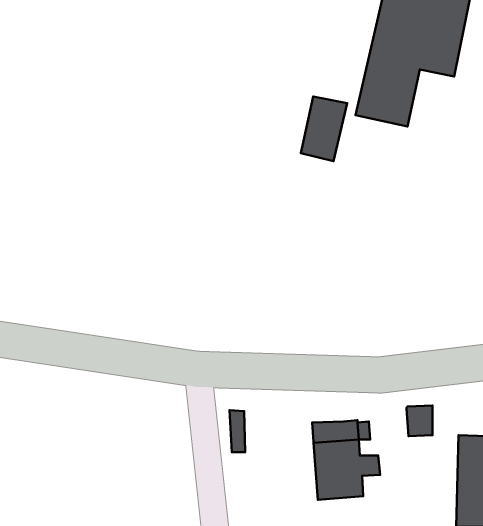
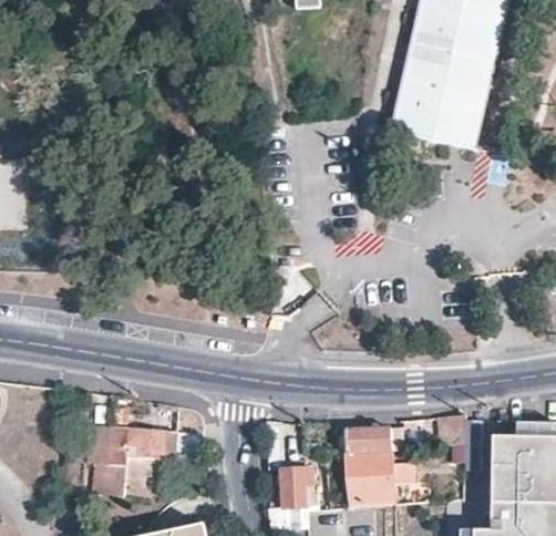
building: [301,96,347,161] -> [441,85,486,148]
building: none -> [92,425,179,496]
building: none -> [284,467,313,508]

